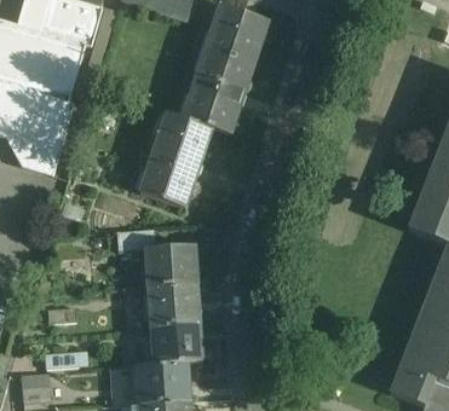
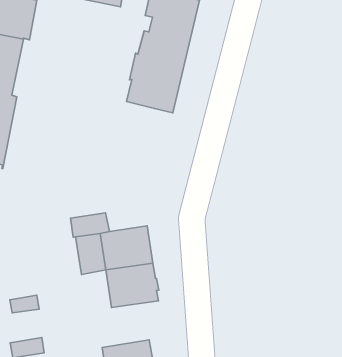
building: [140,111,213,207] -> none
building: [151,323,202,364] -> none

